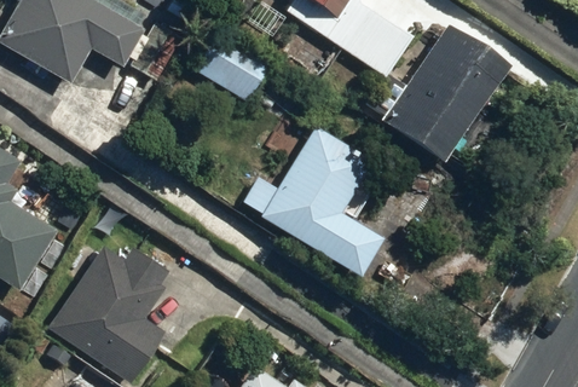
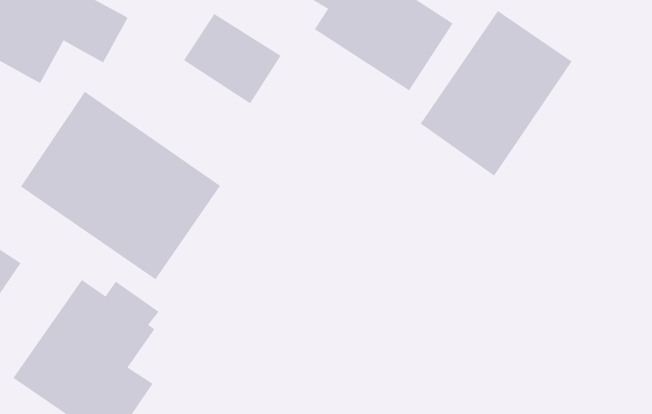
building: none -> [20,91,221,280]
building: [260,127,380,279] -> none

